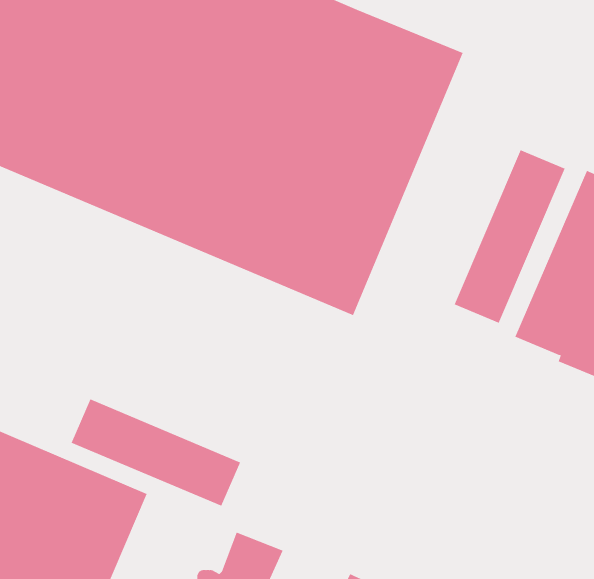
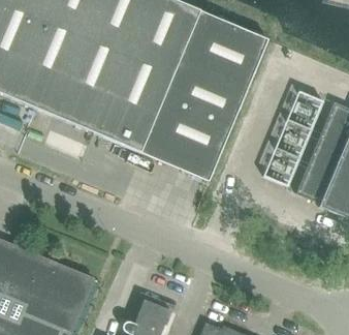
building: [71,399,241,507] -> none

